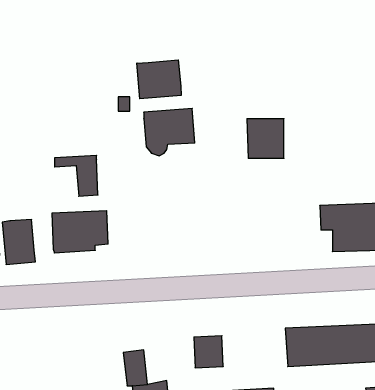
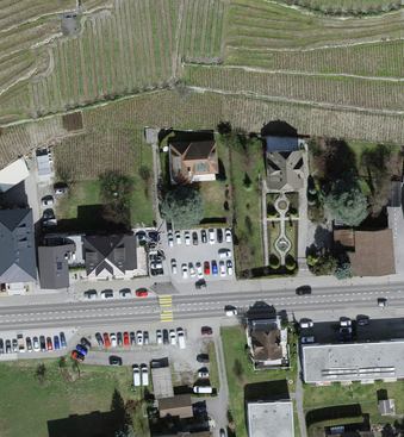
building: [137,60,181,99] -> none
building: [55,155,98,196] -> [44,235,85,273]
building: [194,336,223,368] -> [253,329,280,358]

